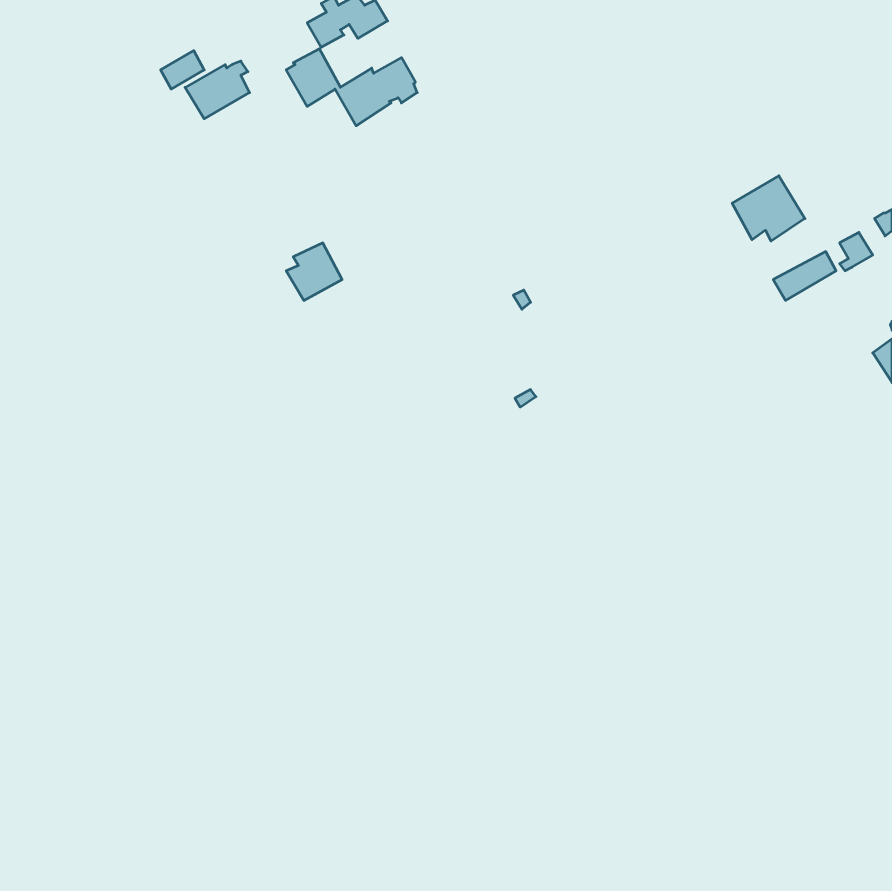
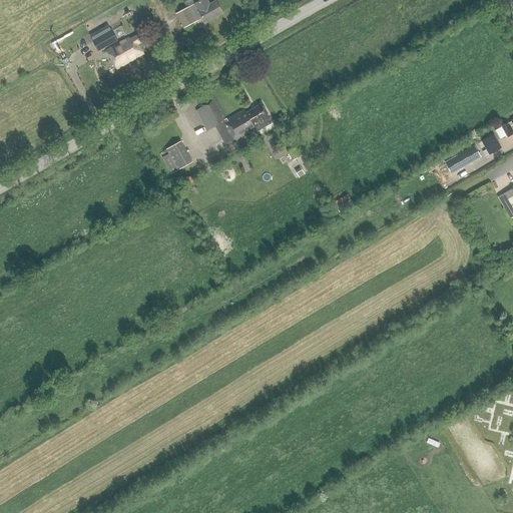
building: [286,49,417,126] -> [195,97,271,141]
building: [732,176,805,241] -> none

